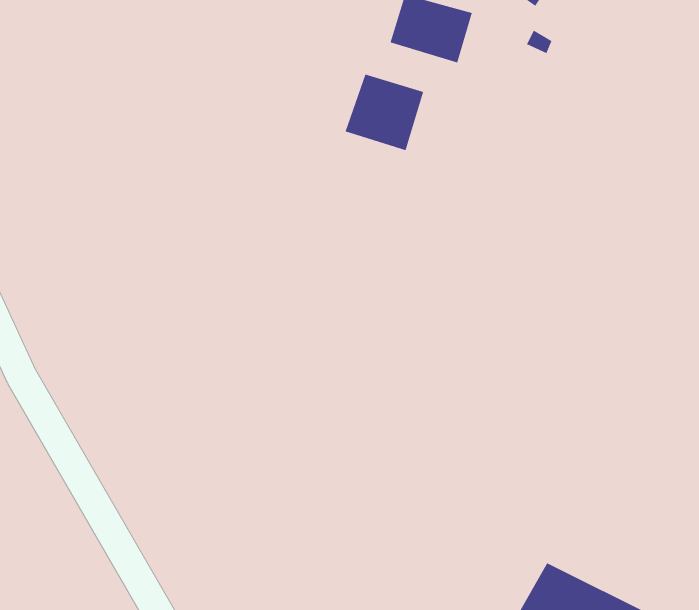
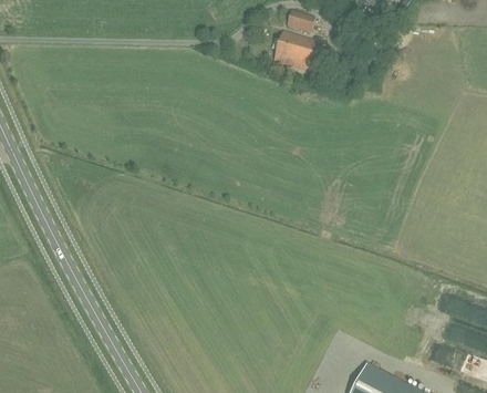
building: [345,74,424,151] -> none

